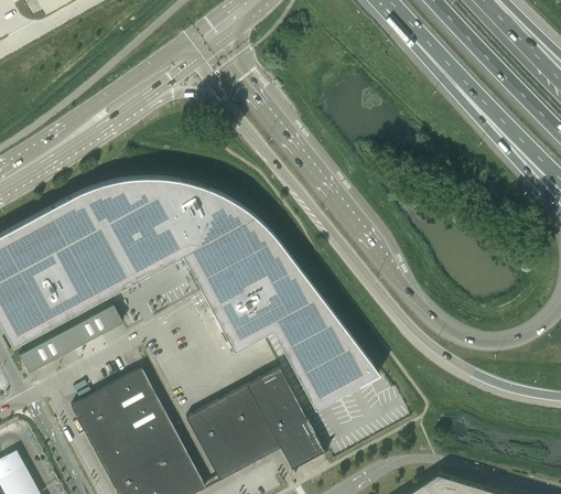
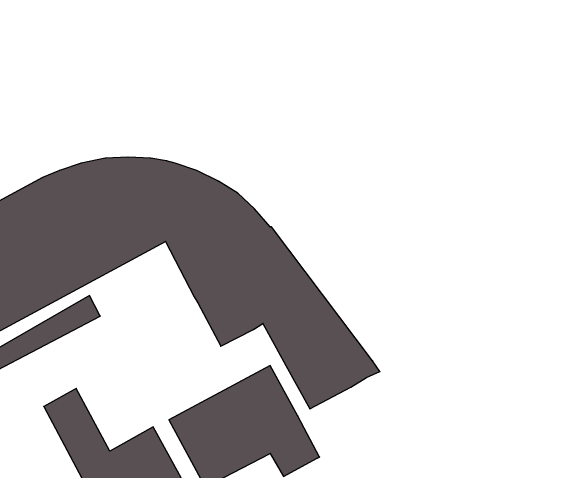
building: [101,368,172,447] -> none

